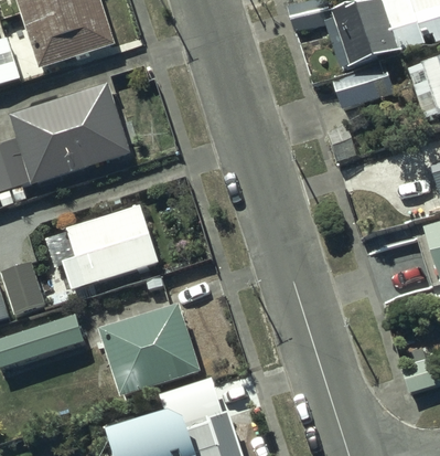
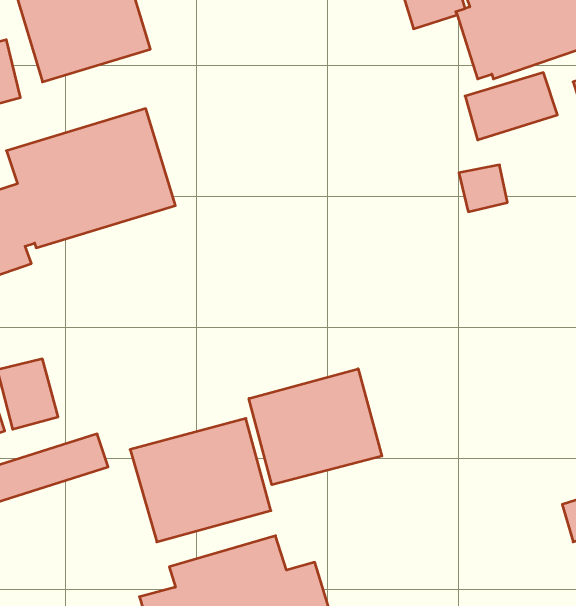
building: [63,205,160,291] -> none
building: none -> [249,369,382,485]

